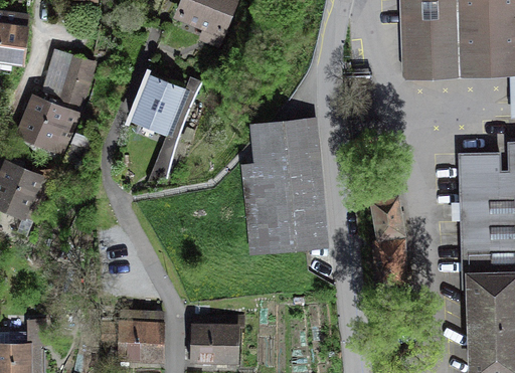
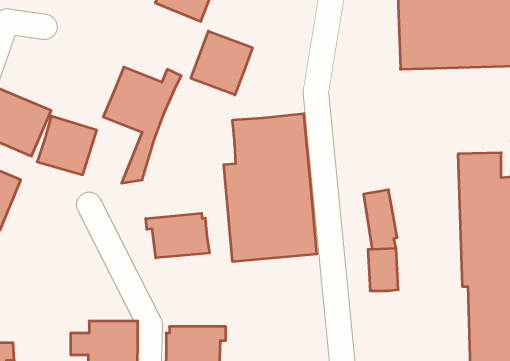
building: none -> [191,31,252,95]
building: [41,50,97,105] -> [37,116,97,175]
building: none -> [146,213,209,258]

